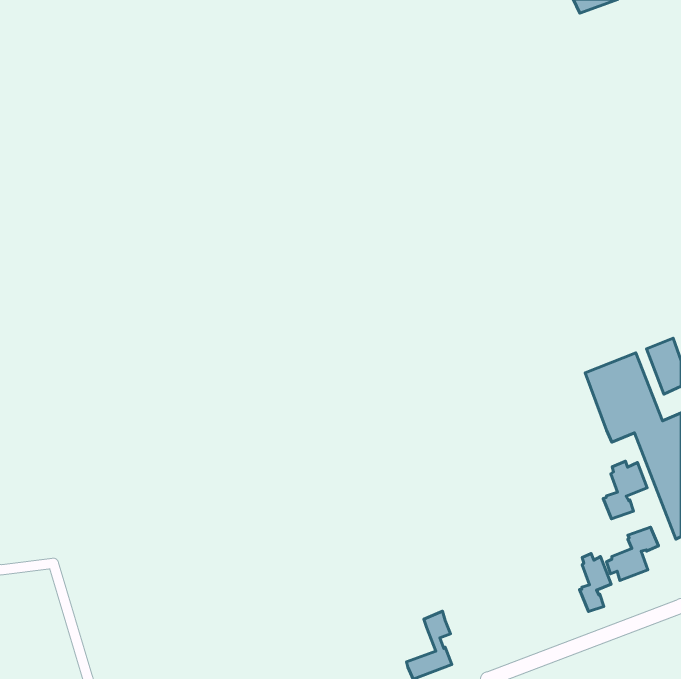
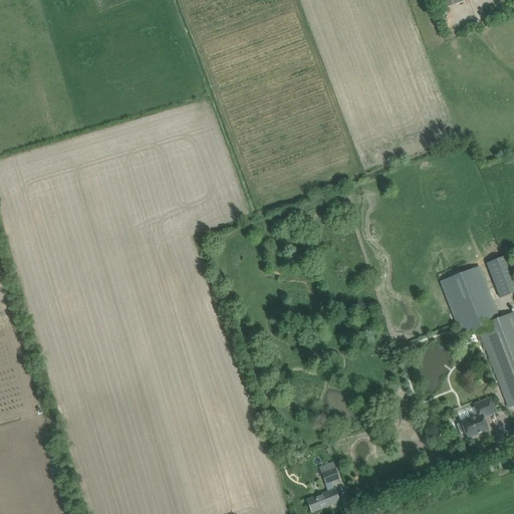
building: [603,461,647,519] -> none
building: [580,553,611,612] -> none

